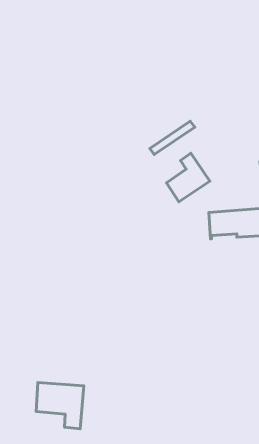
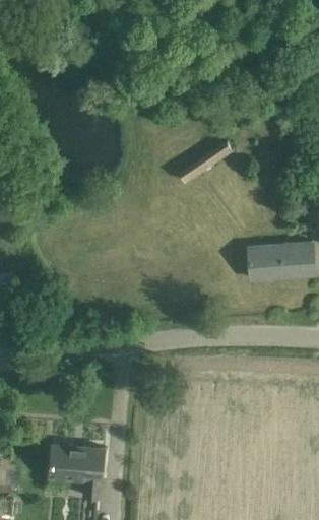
building: [167,153,210,202] -> none

